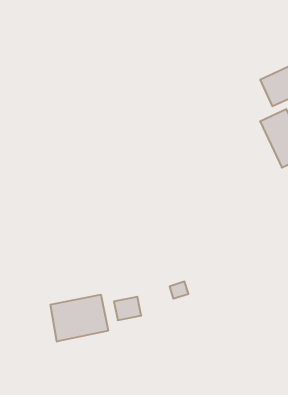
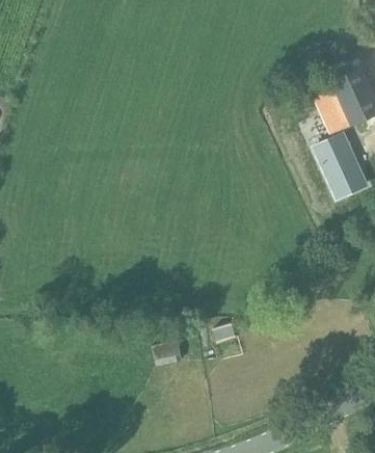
building: [51,295,108,342] -> none

